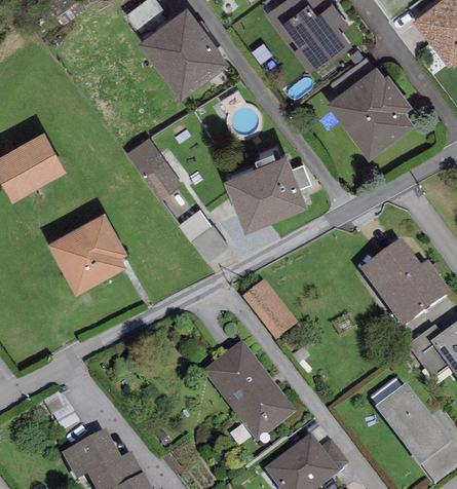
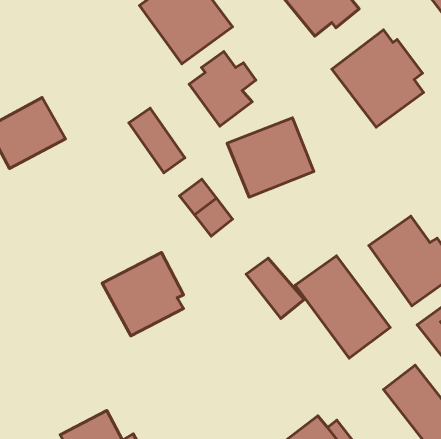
building: none -> [189,52,256,126]
building: [47,210,126,291] -> [102,252,184,336]
building: [203,344,296,444] -> [295,256,390,358]

